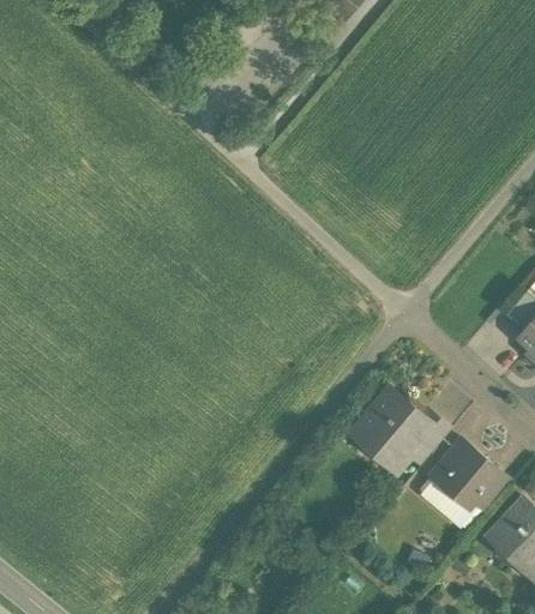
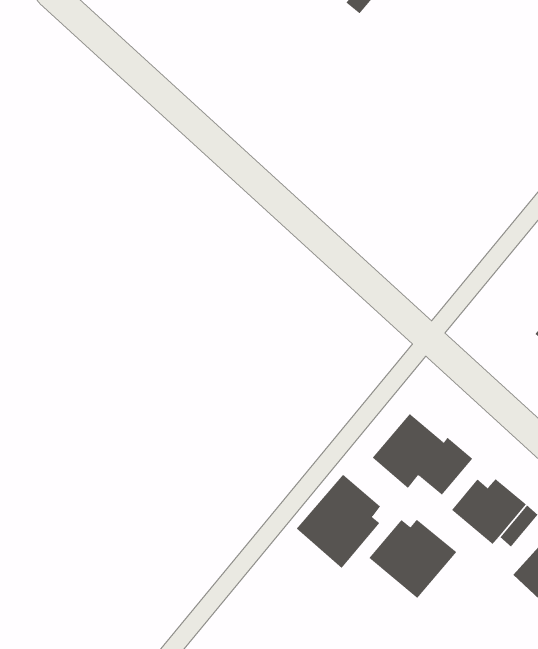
building: none -> [296,474,381,569]
building: none -> [369,519,457,599]

